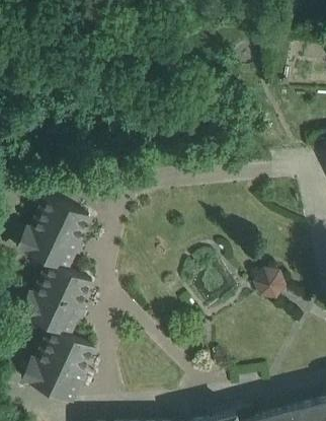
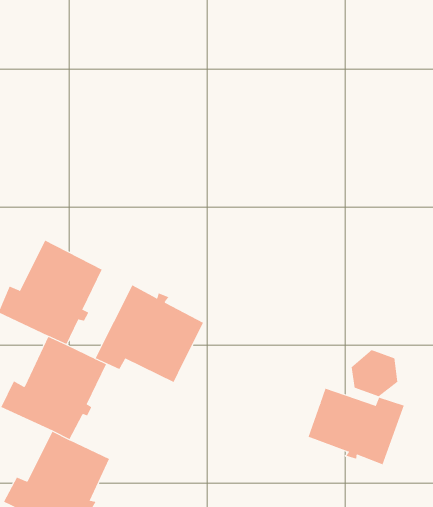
building: none -> [95,284,204,383]
building: none -> [308,388,405,465]

